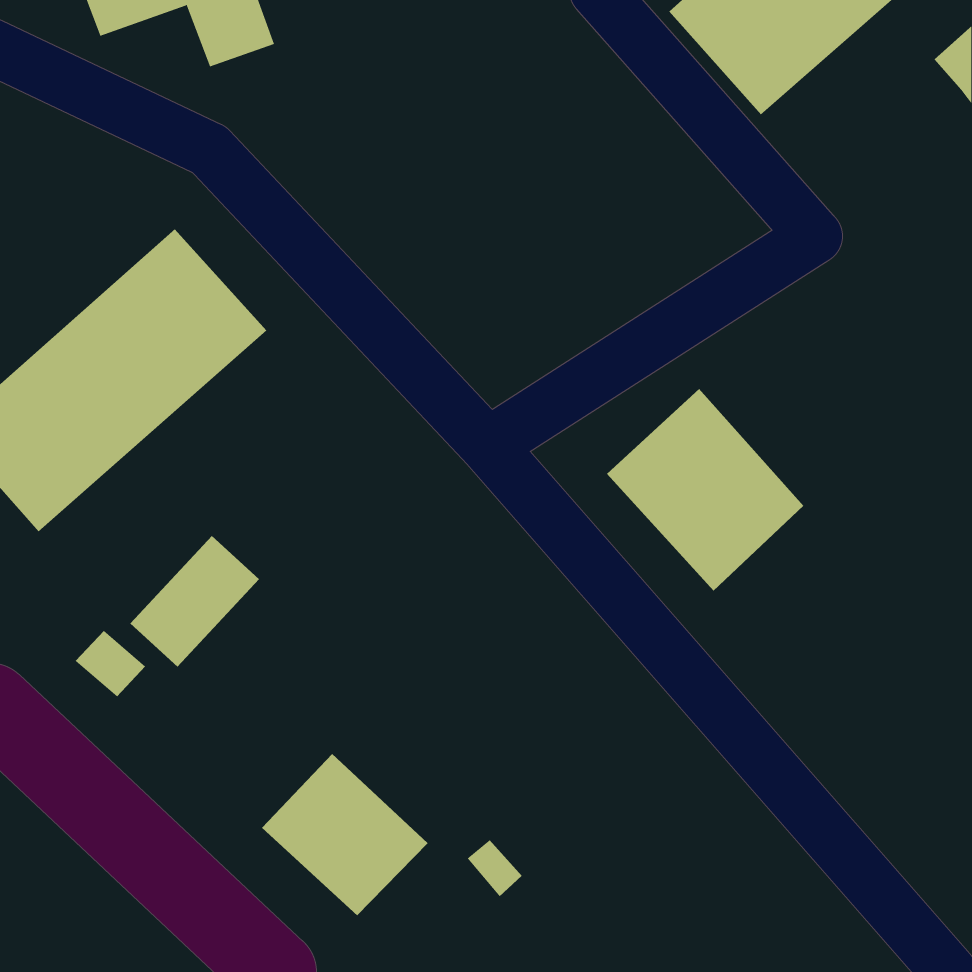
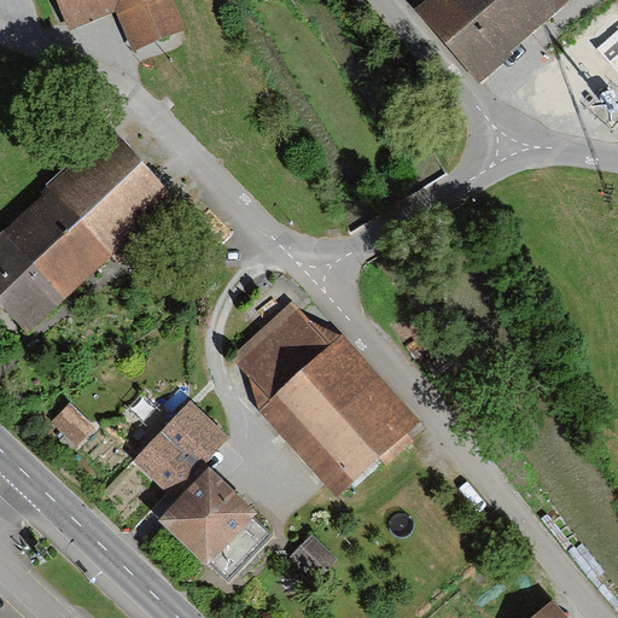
building: [606,388,804,591] -> none
building: none -> [239,311,413,490]
building: [129,535,260,668] -> [136,408,218,491]

